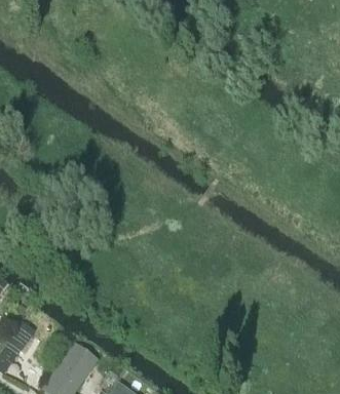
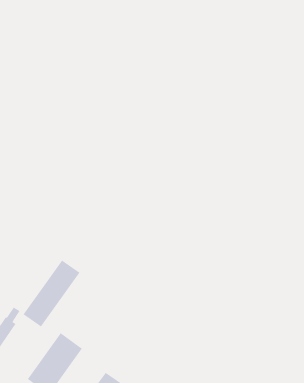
building: none -> [23,259,81,327]

